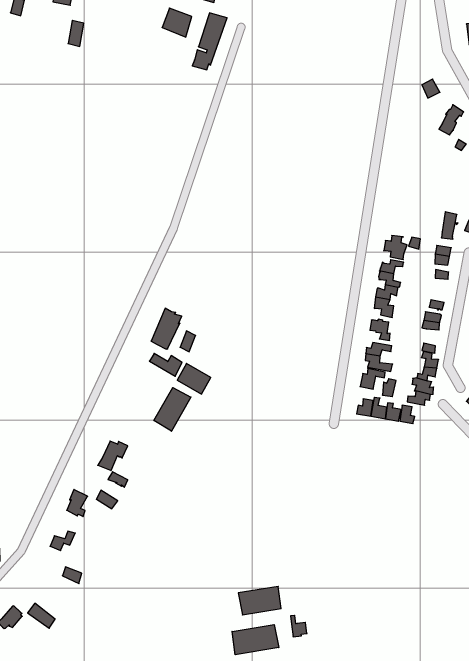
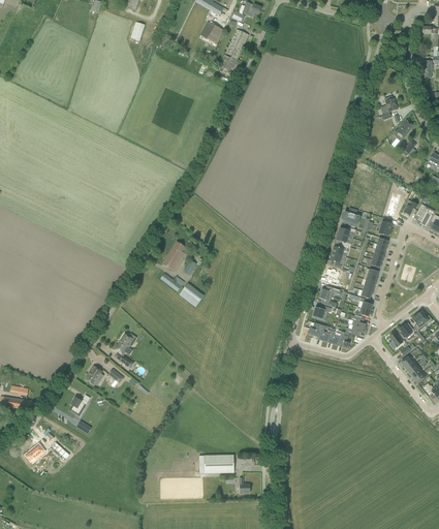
building: [154,388,191,431] -> none
building: [232,625,279,655] -> none

